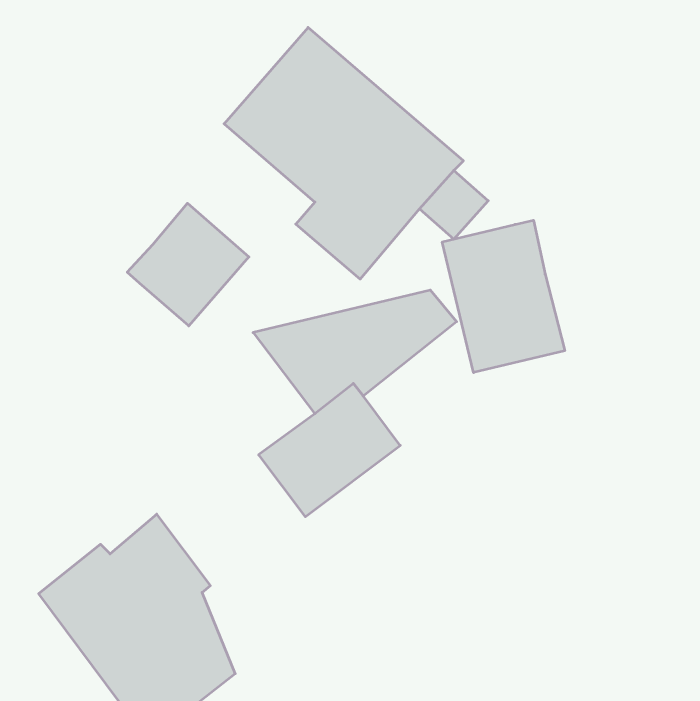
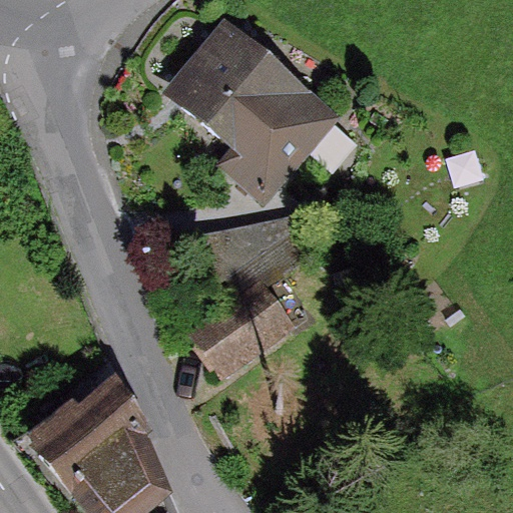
building: [127,203,249,326] -> none
building: [442,220,565,373] -> none

